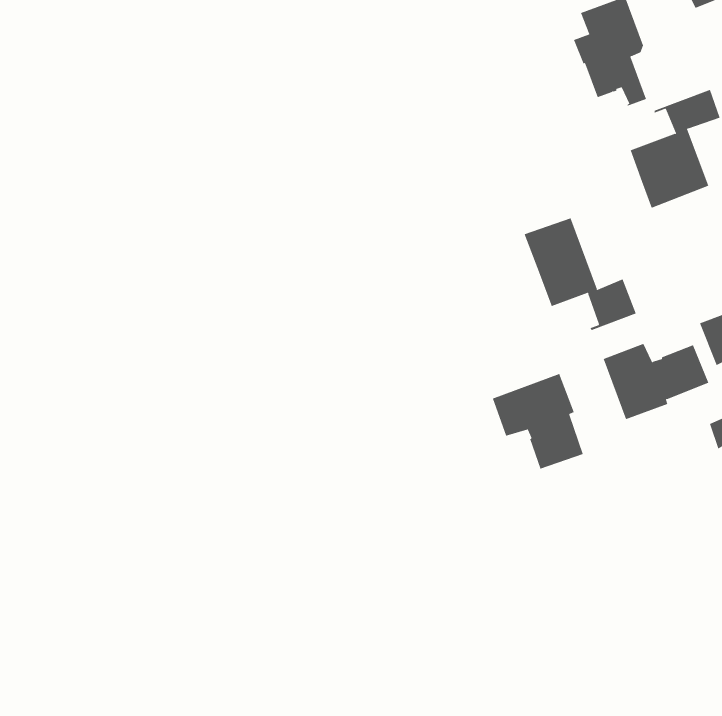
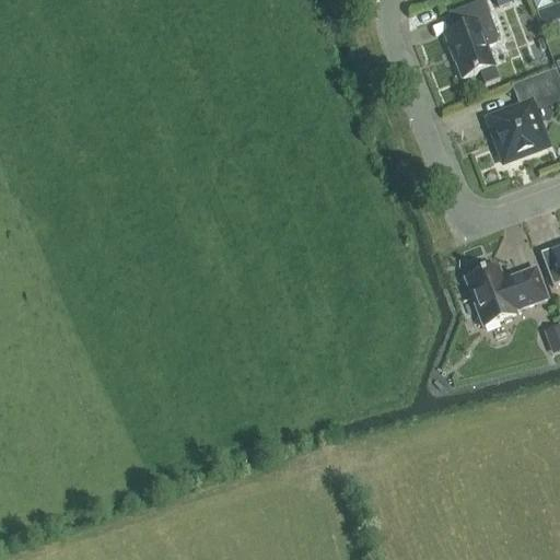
building: [524,218,636,331] -> none
building: [492,373,584,469] -> none

